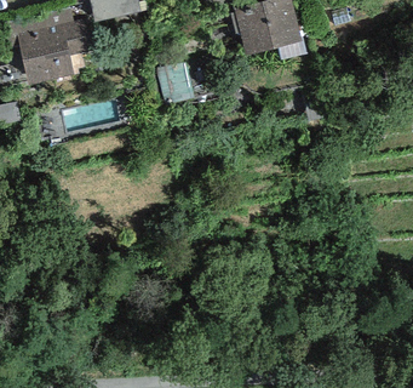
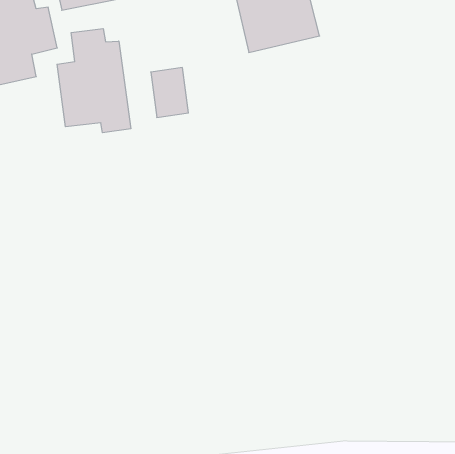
building: none -> [57,29,131,133]

